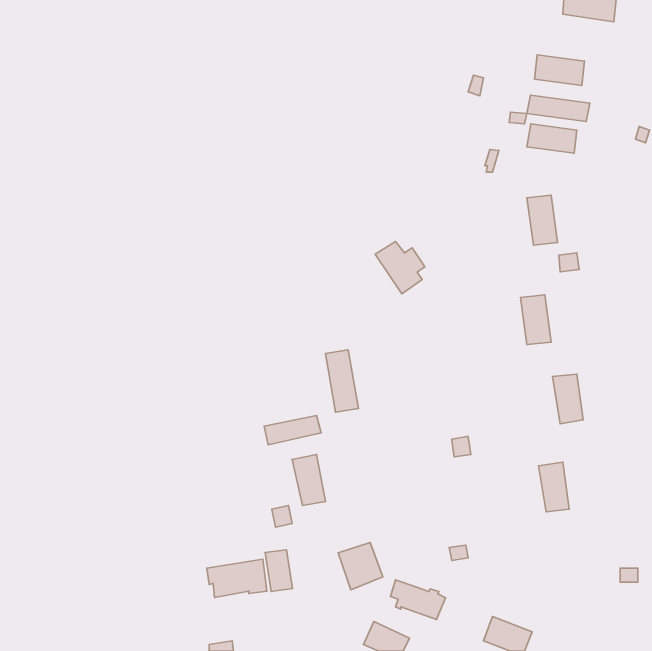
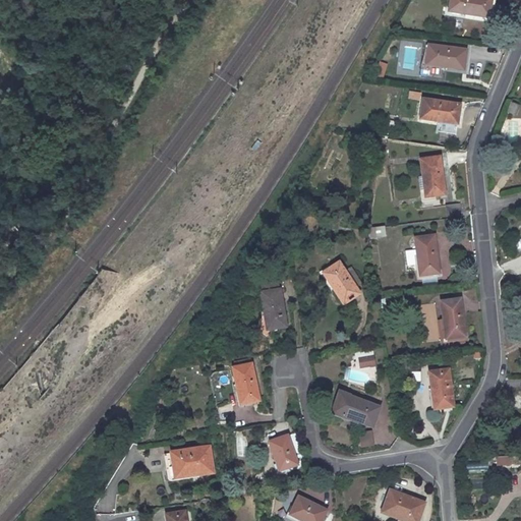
building: [527,95,590,121] -> none
building: [375,241,425,294] -> [323,262,362,303]
building: [264,415,321,445] -> none
building: [265,550,293,591] -> none
building: [390,580,445,620] -> [336,393,380,424]

